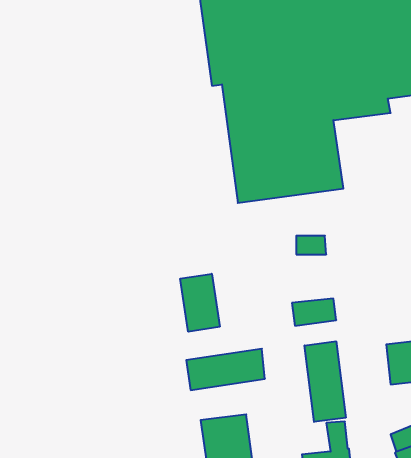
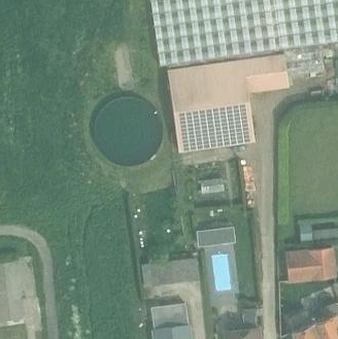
building: [180,274,220,332] -> none
building: [305,341,346,422] -> none

